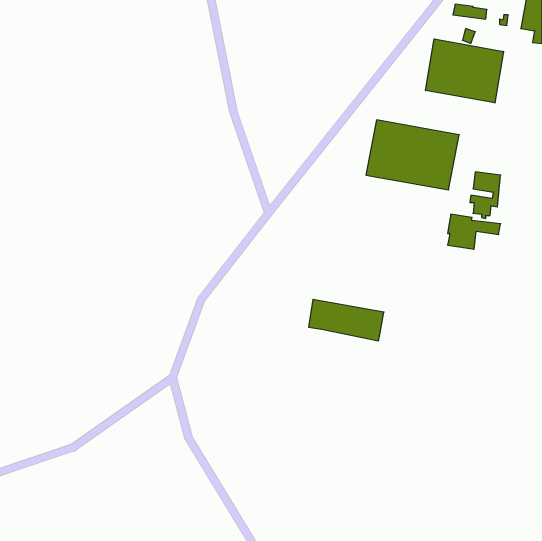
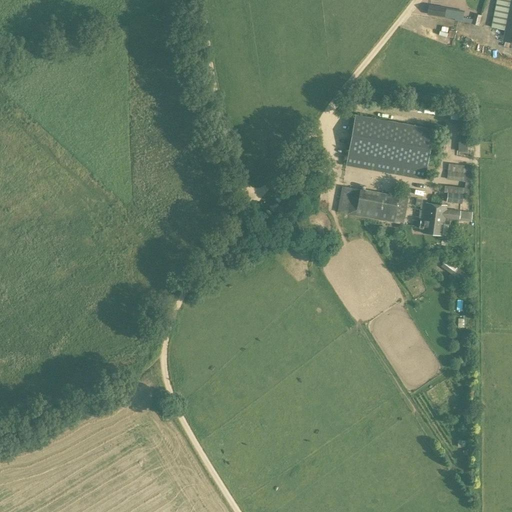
building: [426,39,504,103] -> none
building: [309,299,384,341] -> [337,185,408,224]

